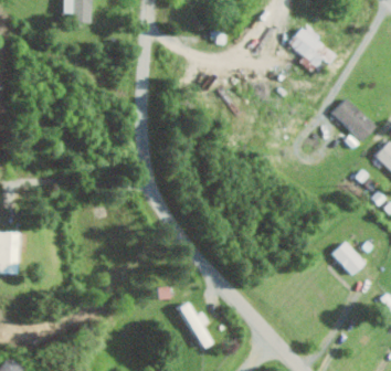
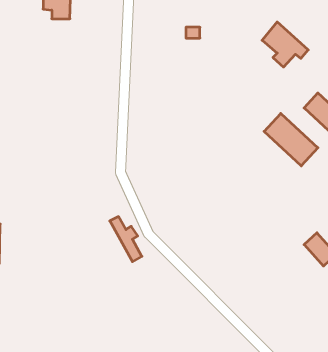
building: none -> [264,113,318,166]
building: [179,303,212,349] -> [110,217,142,262]

